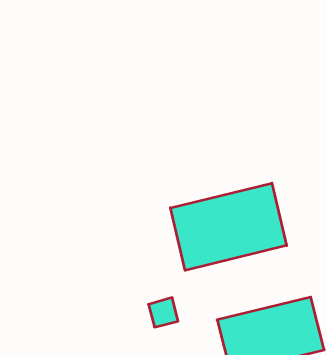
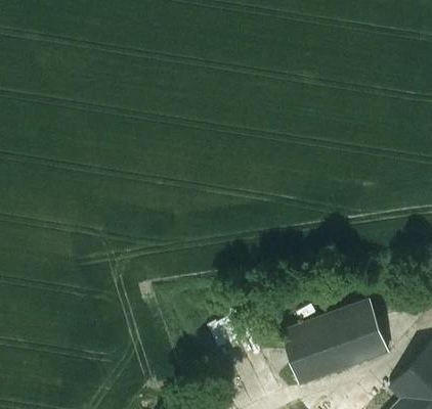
building: [170,183,287,270] -> none

